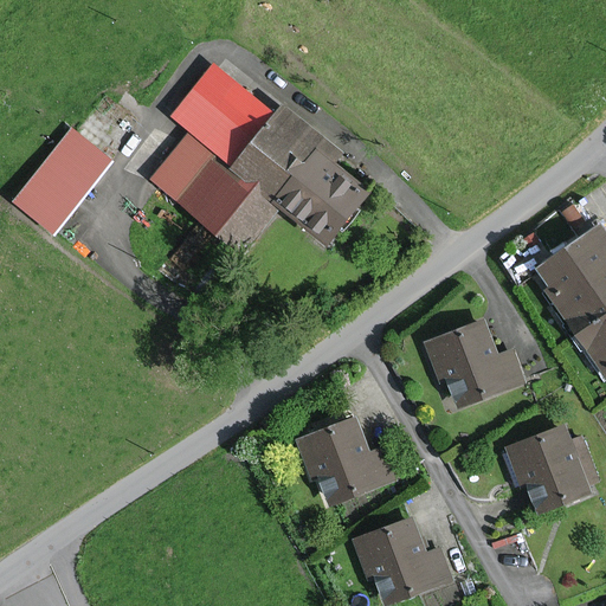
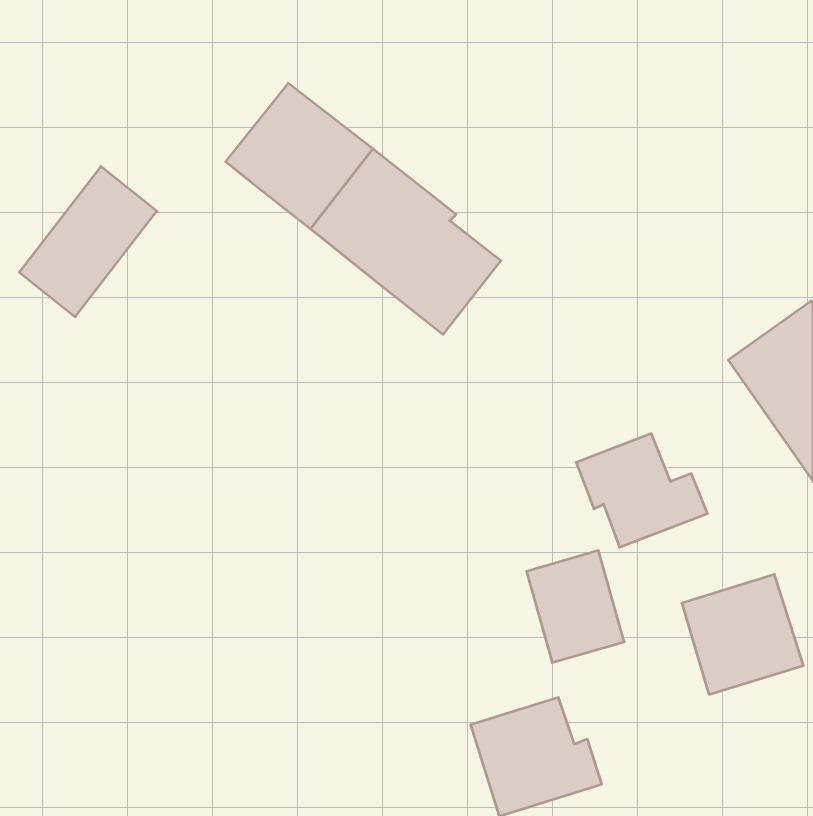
building: [147,134,277,254] -> none
building: [309,419,381,502] -> [527,551,624,663]

